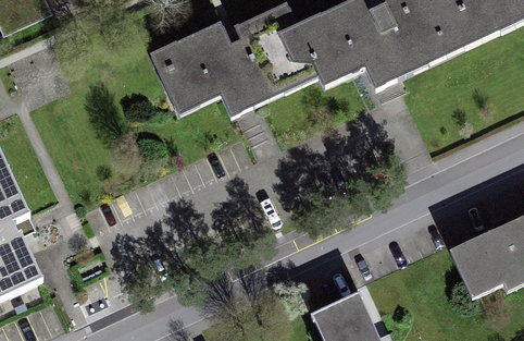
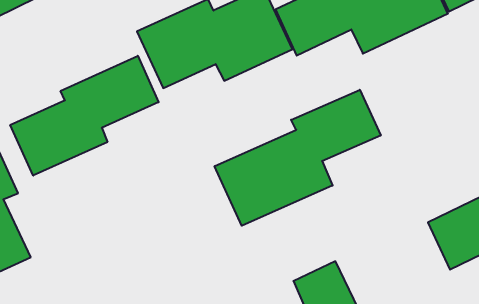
building: none -> [10,56,159,176]
building: none -> [215,90,381,226]

